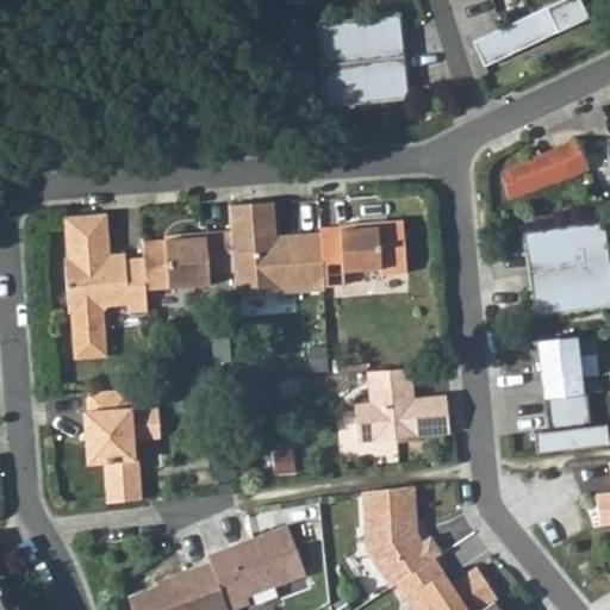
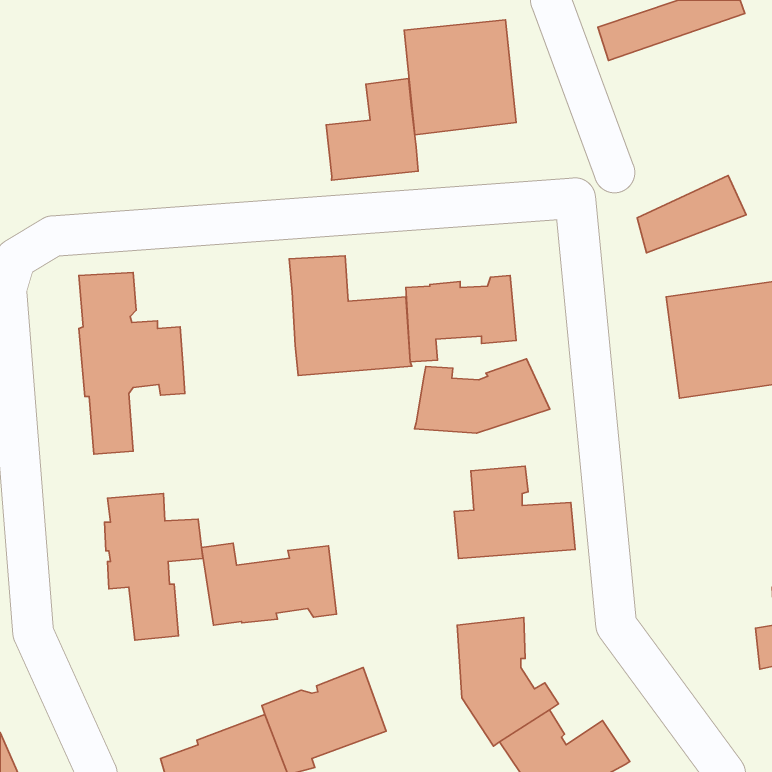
building: none -> [326,79,418,180]
building: [142,231,234,291] -> none
building: none -> [415,359,550,433]
building: [539,337,592,452] -> none
building: none -> [202,543,336,625]

